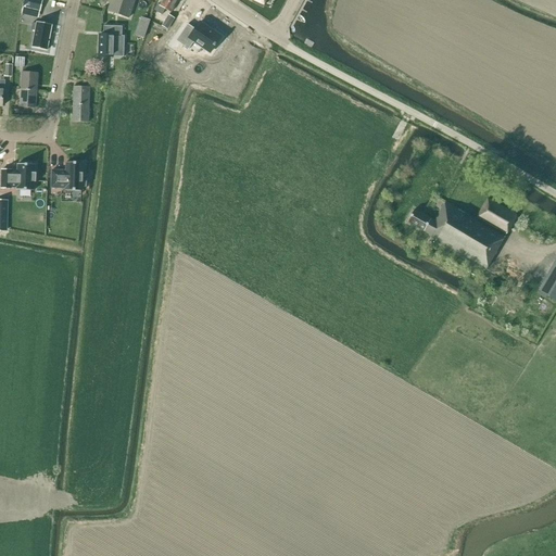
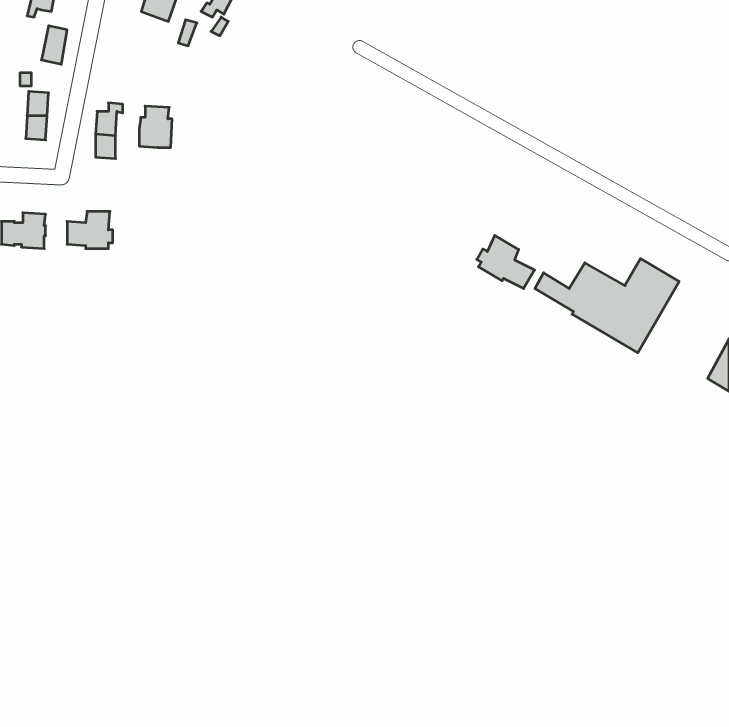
building: [176,21,220,54] -> none
building: [99,24,124,55] -> [139,106,172,147]
building: none -> [477,235,535,289]

